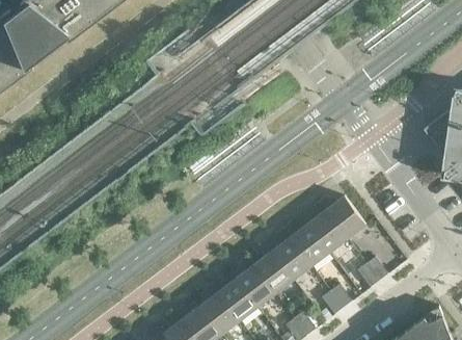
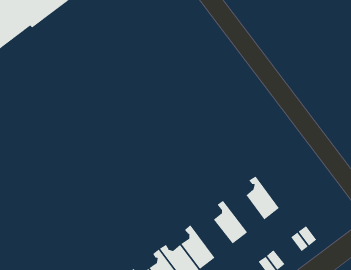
building: [320,197,366,239] -> none
building: [283,224,329,266] -> none
building: [247,252,294,294] -> none

